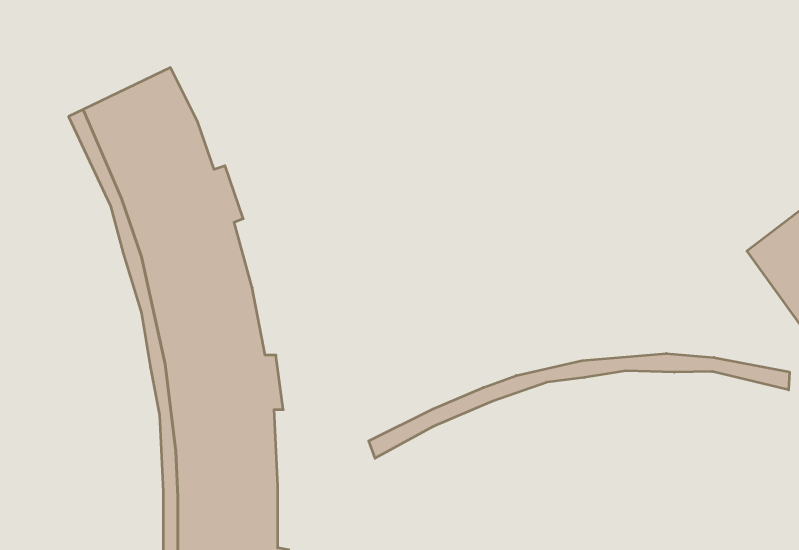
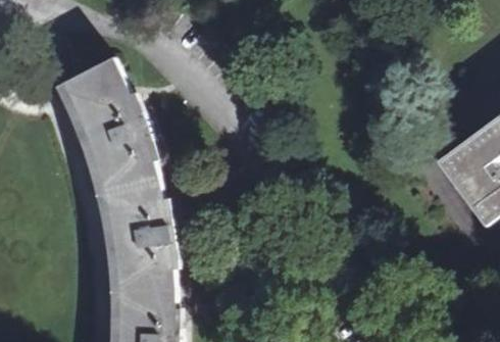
building: [369,353,789,458] -> none

